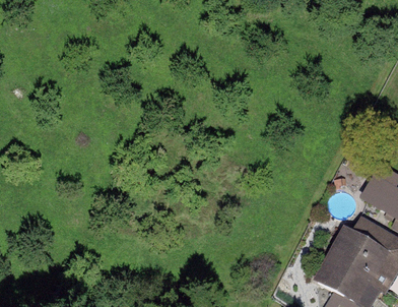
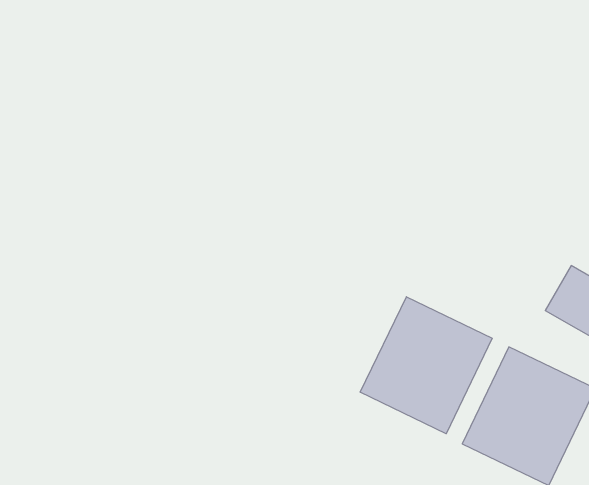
building: none -> [360,297,492,434]

